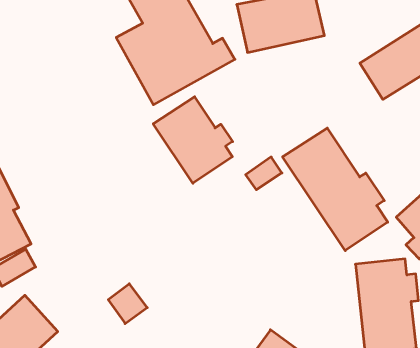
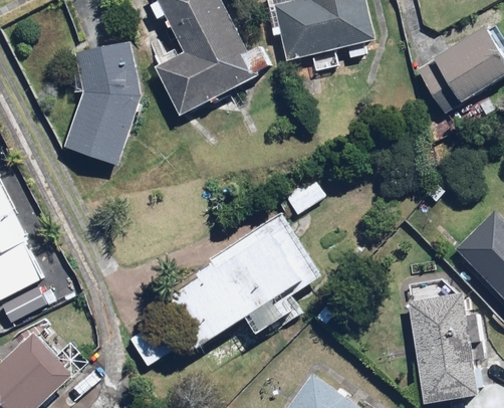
building: none -> [64,39,143,168]
building: [153,97,233,183] -> none
building: [283,128,388,251] -> none
building: none -> [151,209,323,354]

